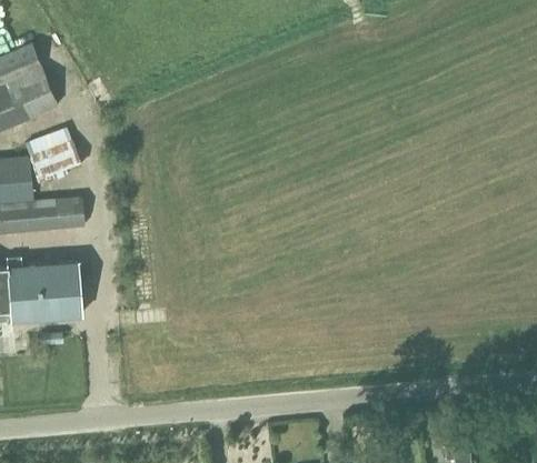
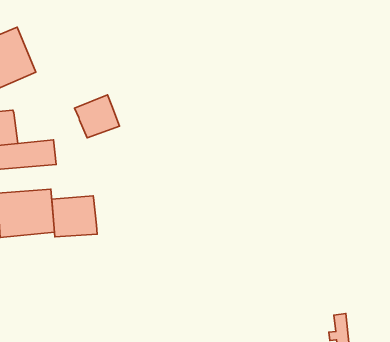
building: [22,127,81,183] -> [75,95,119,138]
building: none -> [52,196,97,237]

